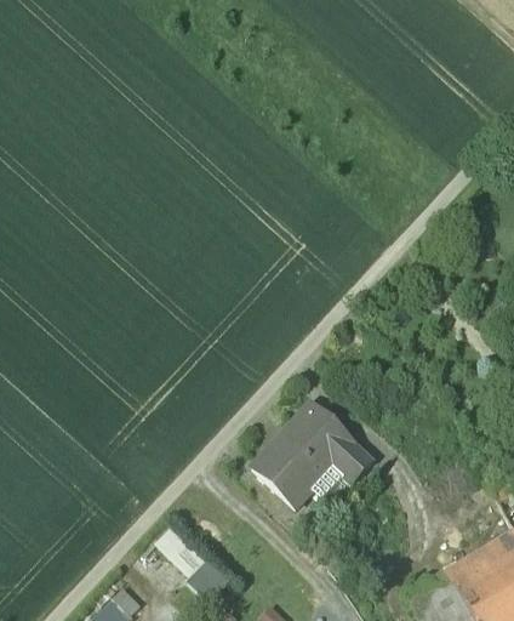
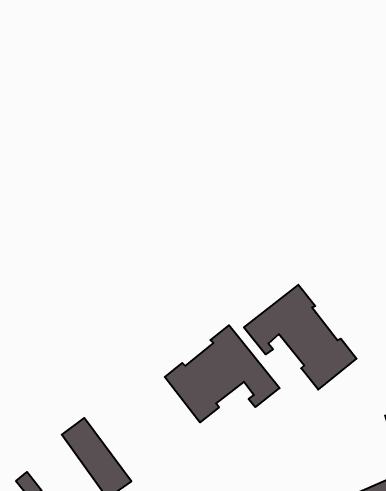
building: none -> [244,285,357,390]

